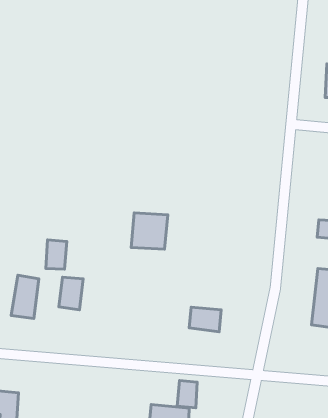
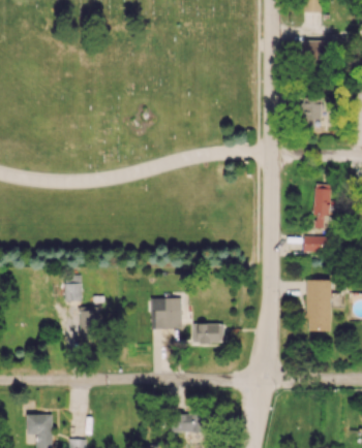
building: [131,213,168,249] -> [151,298,181,330]
building: [11,275,39,318] -> none
building: [177,380,197,408] -> none

